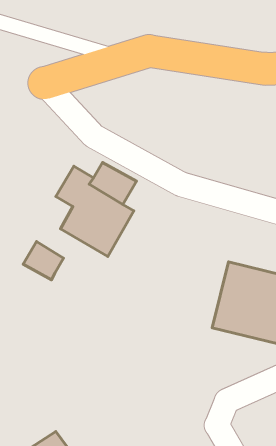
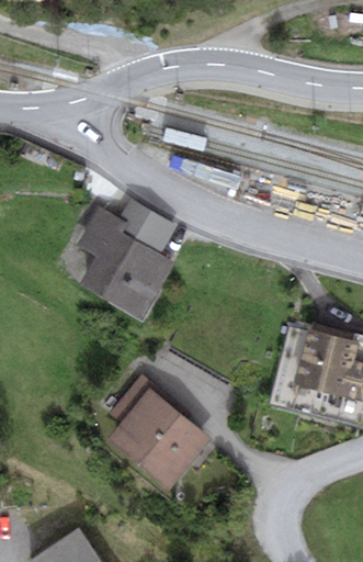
building: [23,241,63,280] -> none
building: none -> [105,373,212,491]

